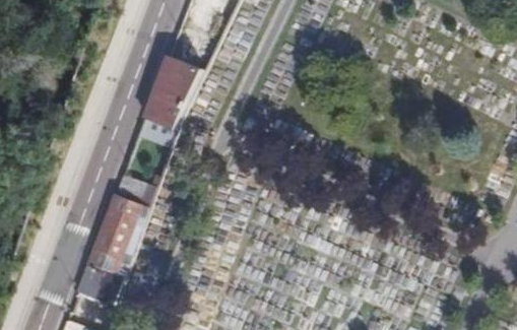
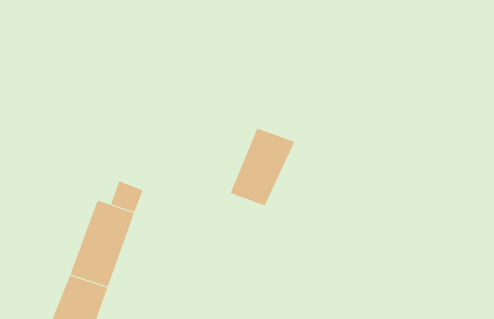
building: [137,59,199,133] -> [230,128,295,206]

